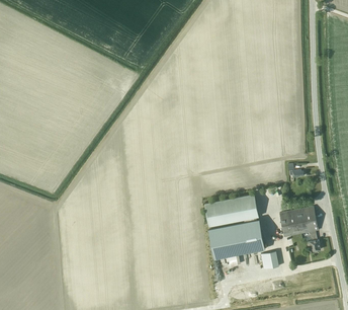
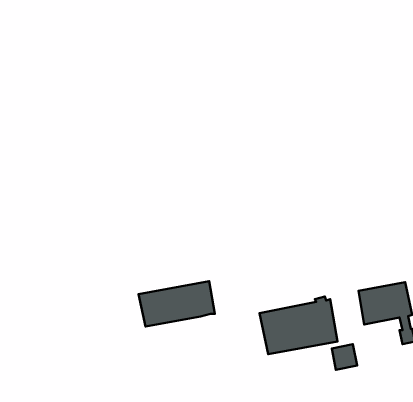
building: [203,193,258,226] -> [138,281,215,326]

